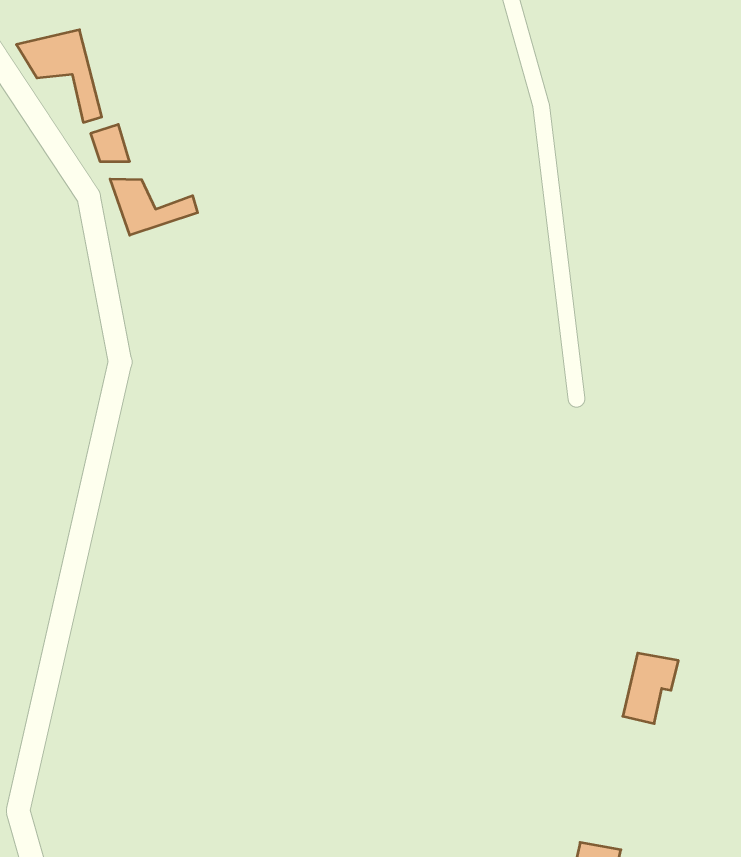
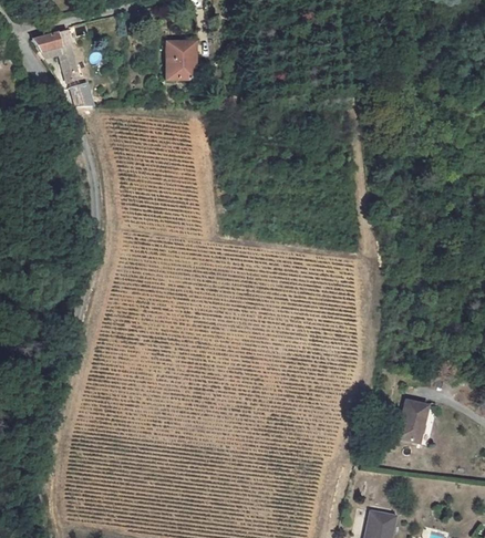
building: none -> [162,42,196,81]
building: [110,179,198,235] -> none

